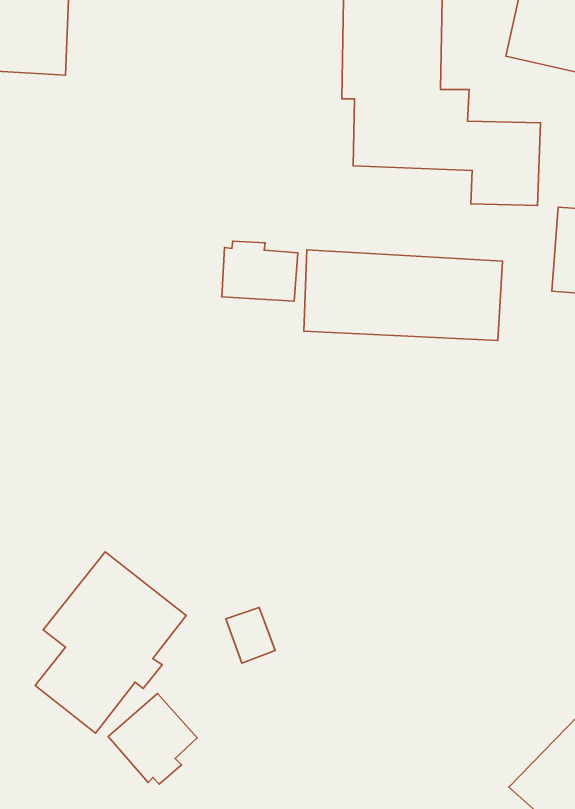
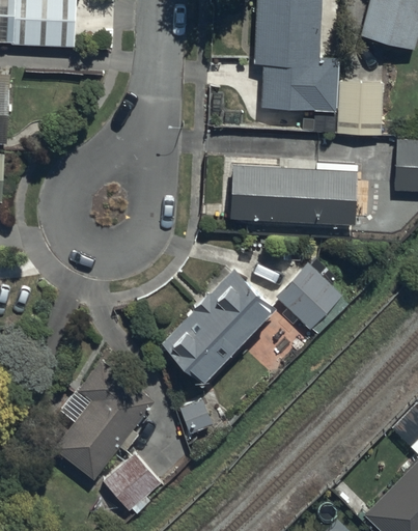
building: [222,241,298,301] -> none
building: none -> [277,257,346,333]
building: none -> [163,270,275,383]

